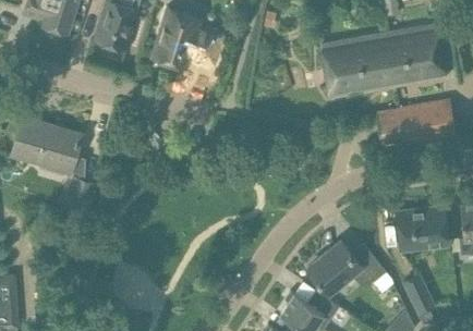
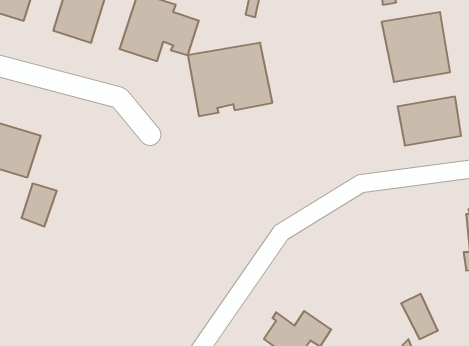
building: [320,34,396,99] -> [188,43,272,116]
building: [376,109,405,147] -> none
building: [396,207,448,252] -> none
building: [307,242,386,294] -> none

